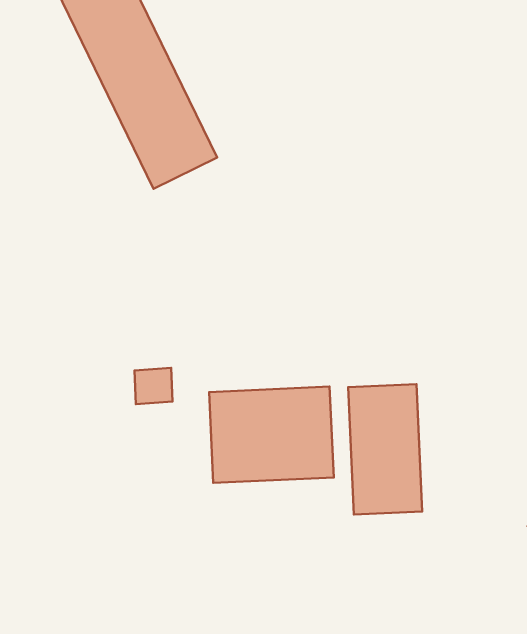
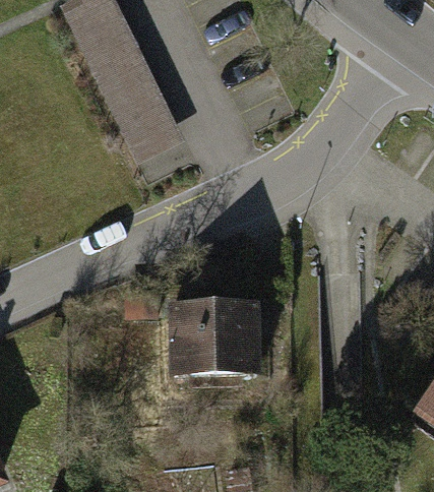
building: [348,384,422,515] -> none

